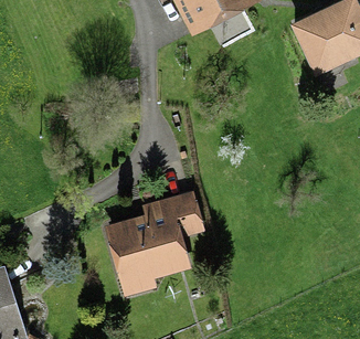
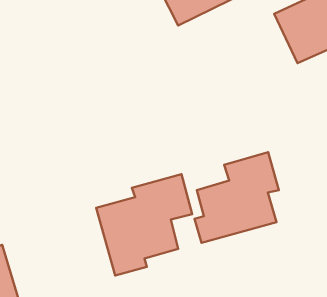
building: none -> [195,152,279,243]

